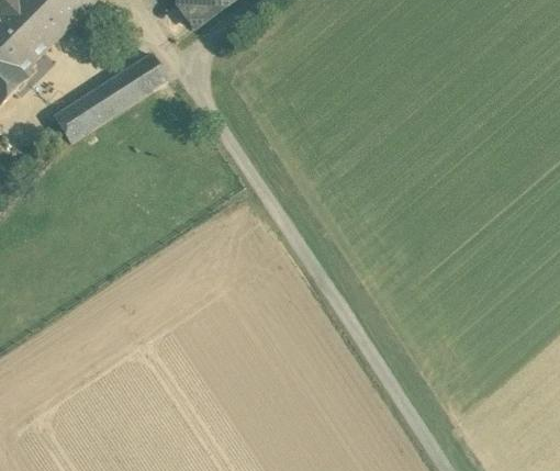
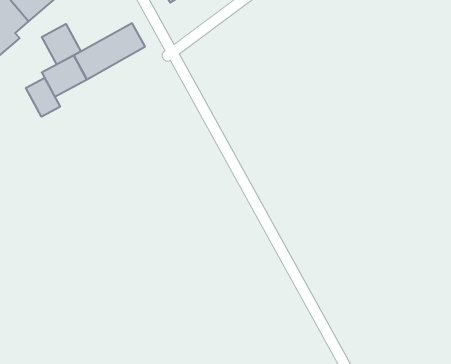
building: none -> [42,24,81,64]
building: none -> [26,78,60,117]

